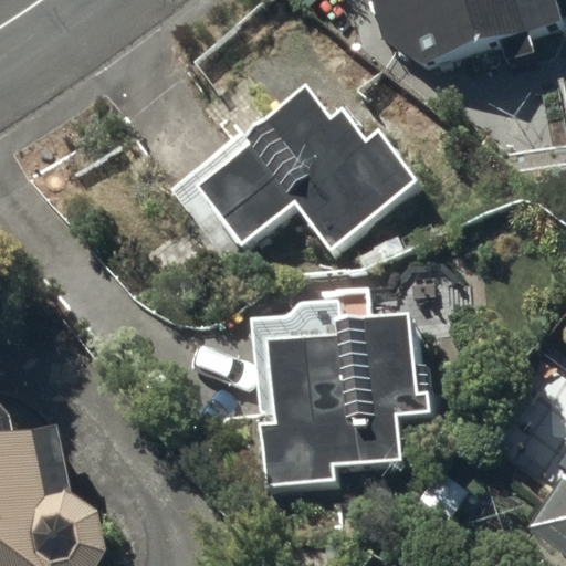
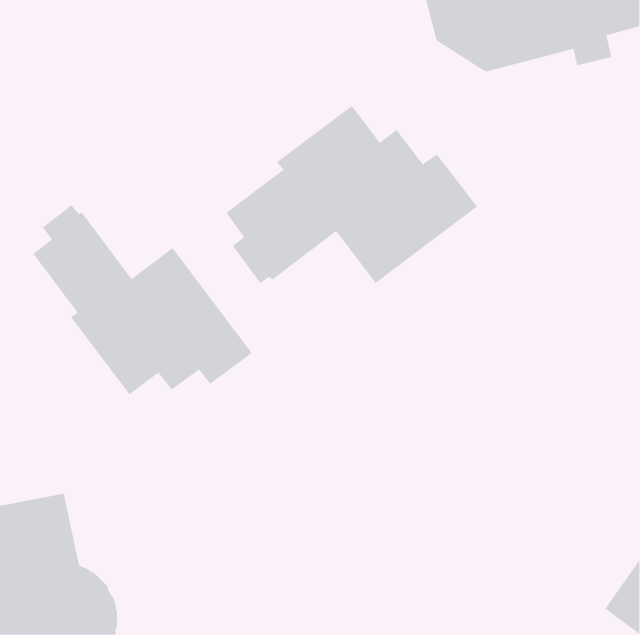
building: none -> [32,204,253,395]
building: [258,318,432,485] -> none

